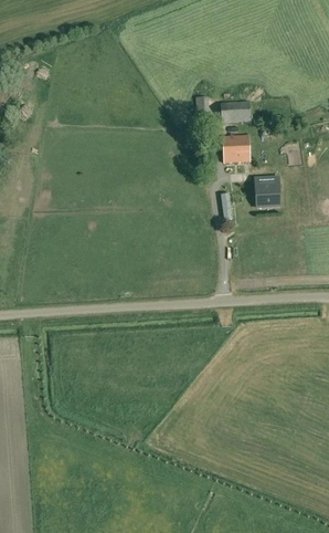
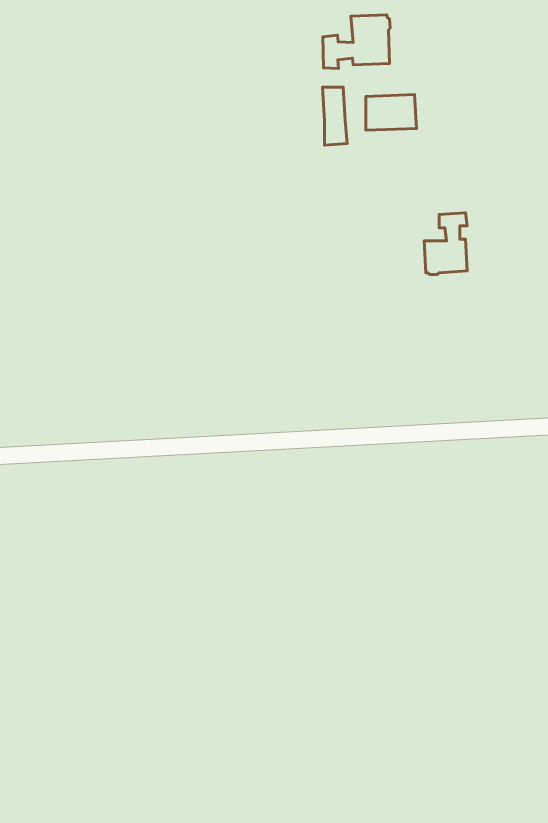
building: none -> [323,15,390,69]
building: [221,135,251,164] -> none

